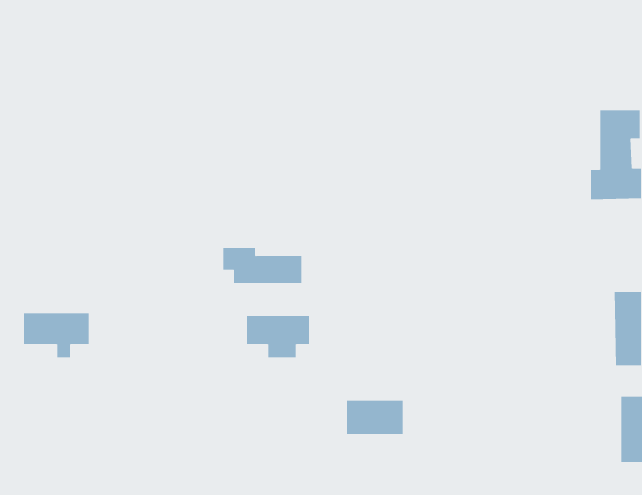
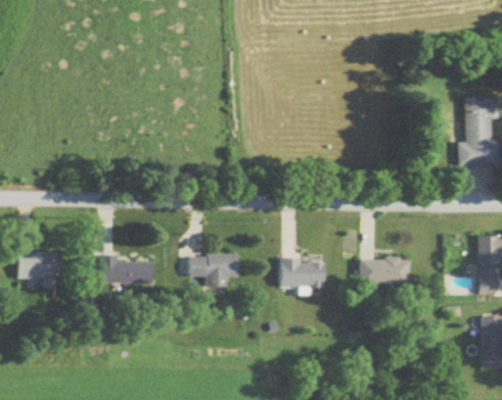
building: [223,248,302,283] -> [95,256,156,284]
building: none -> [359,257,408,284]
building: [346,400,403,435] -> [285,260,329,287]

